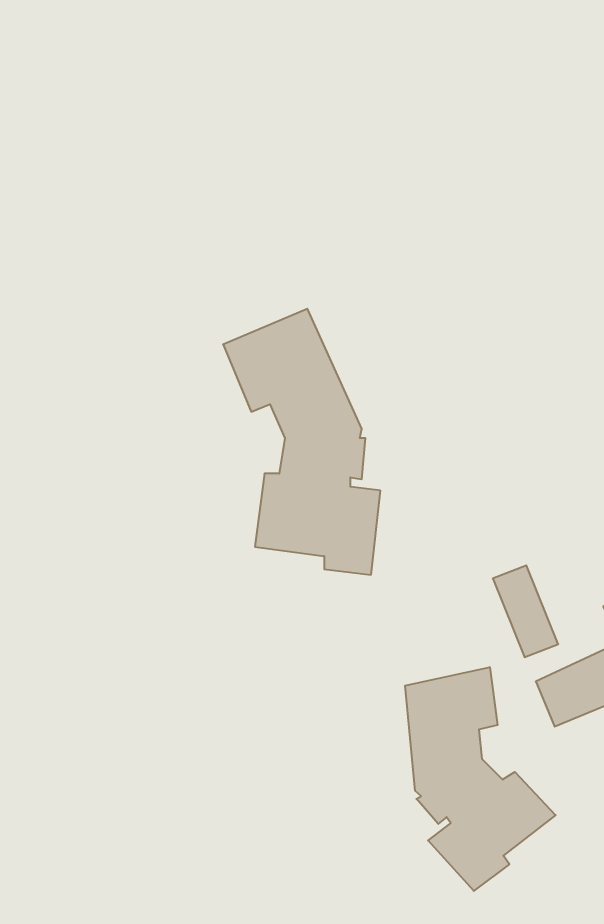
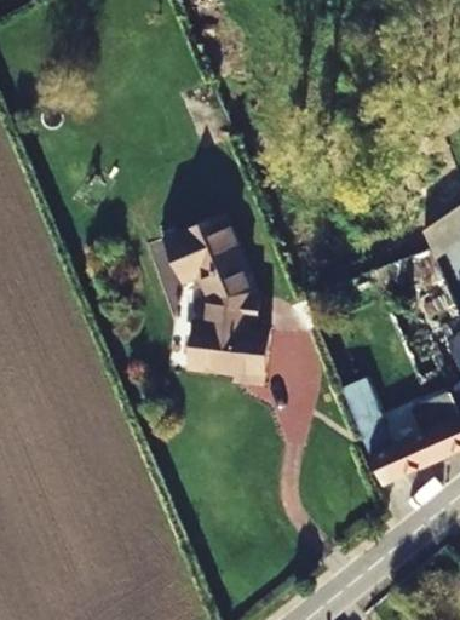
building: [405,667,556,891] -> none

